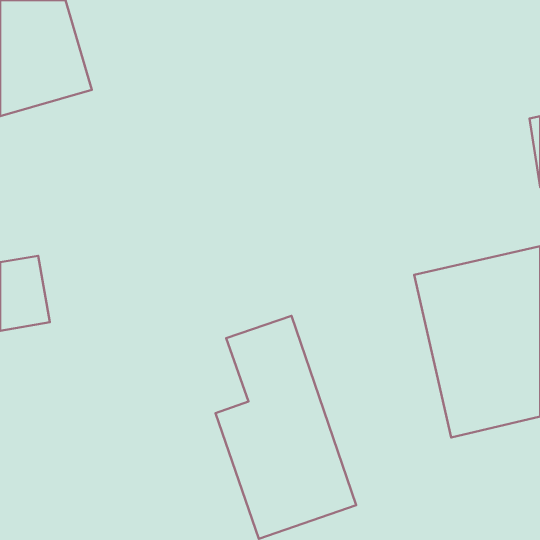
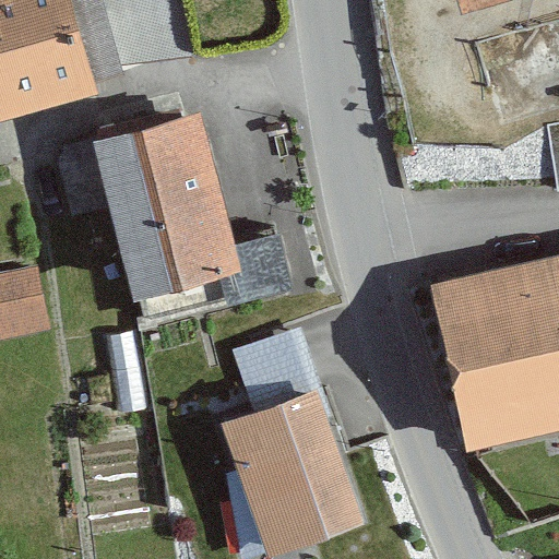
building: none -> [94,115,241,299]

